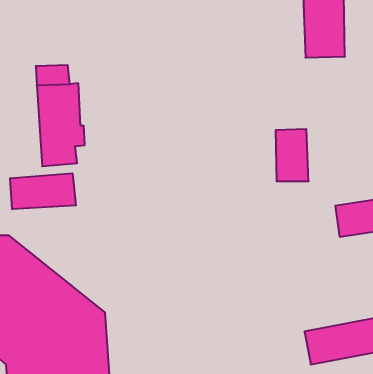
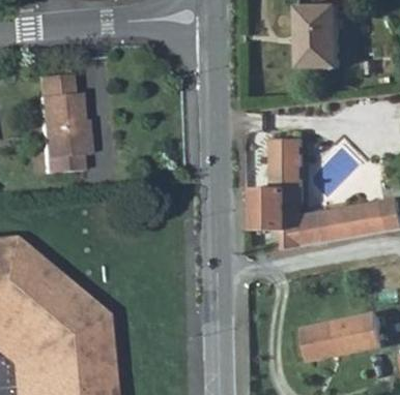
building: [10,173,76,209] -> none
building: none -> [254,186,304,248]

